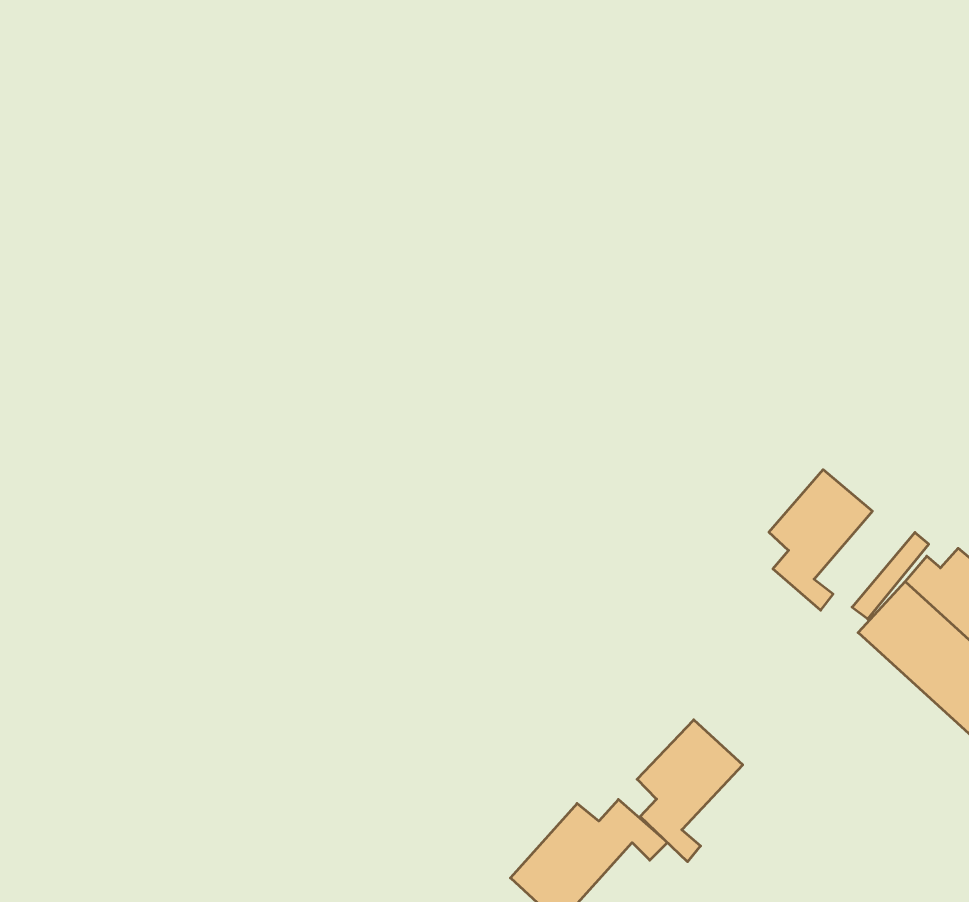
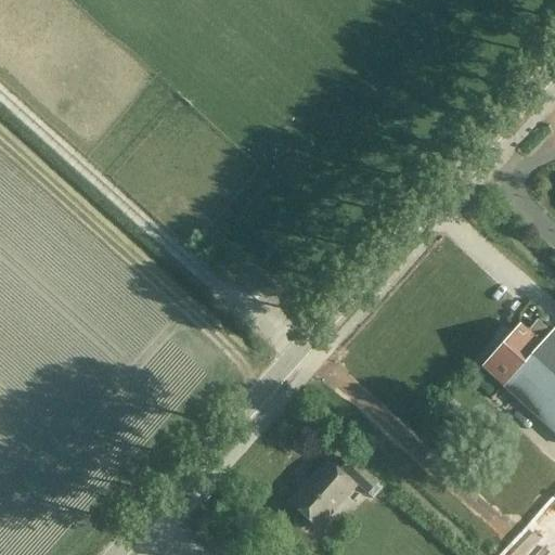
building: [769,470,872,610] -> none
building: [637,720,743,862] -> none

